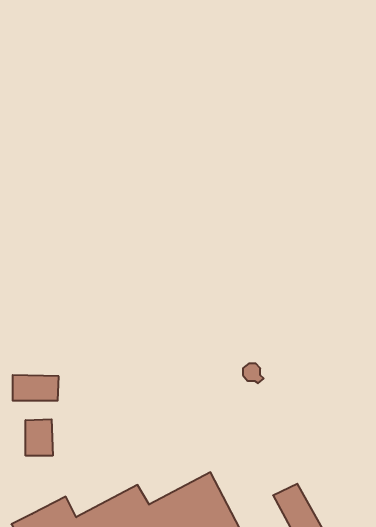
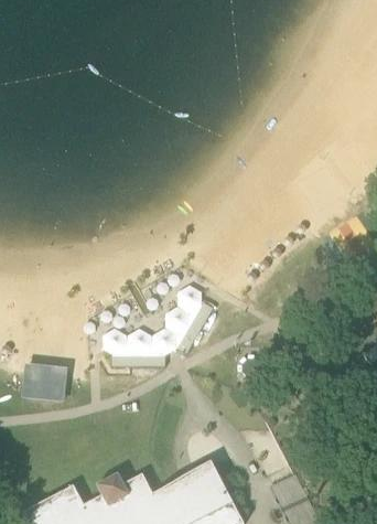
building: none -> [99,286,213,373]
building: [26,419,53,456] -> none

